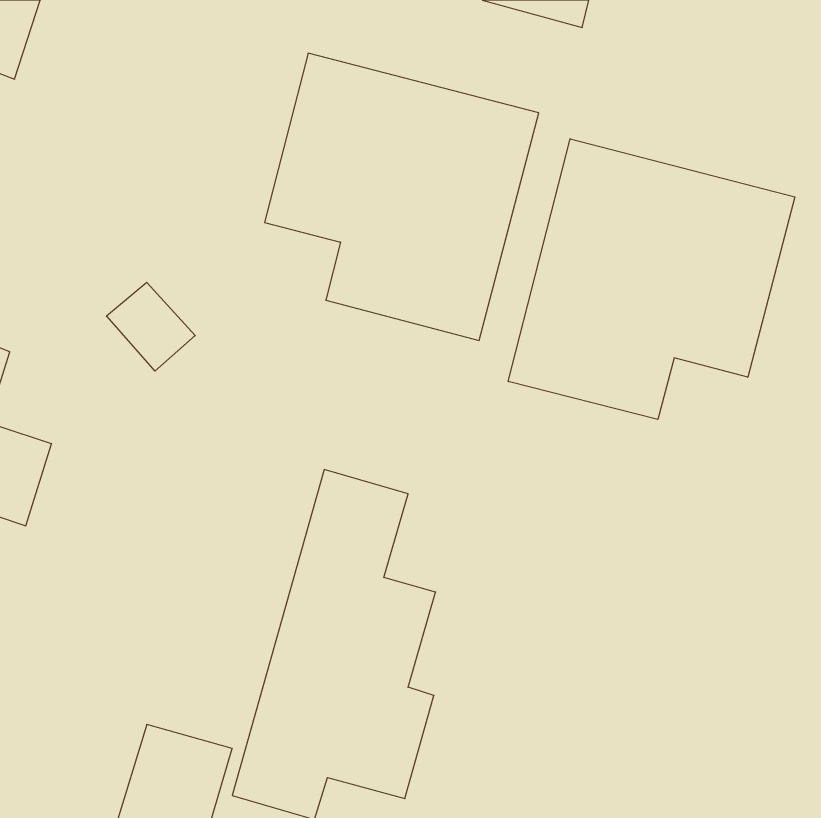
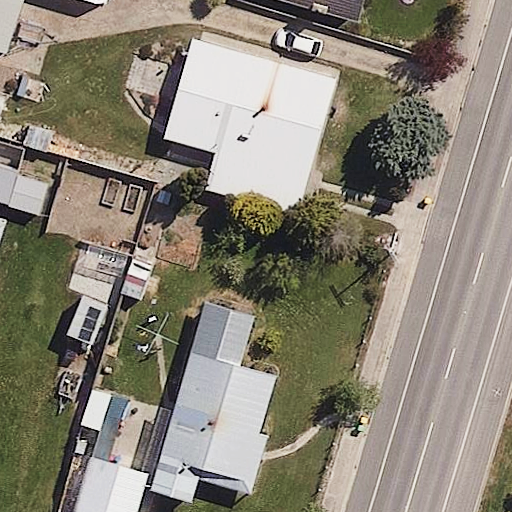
building: [508,139,795,419] -> none

